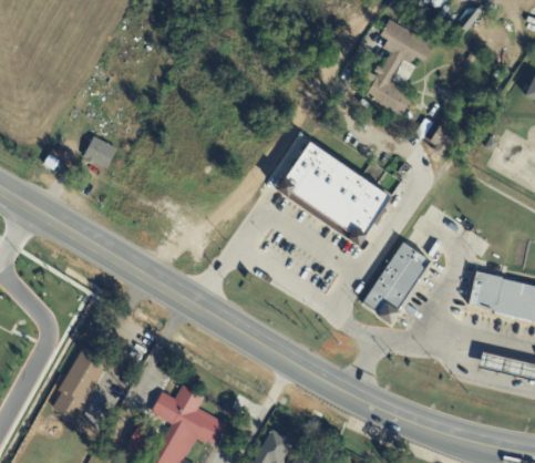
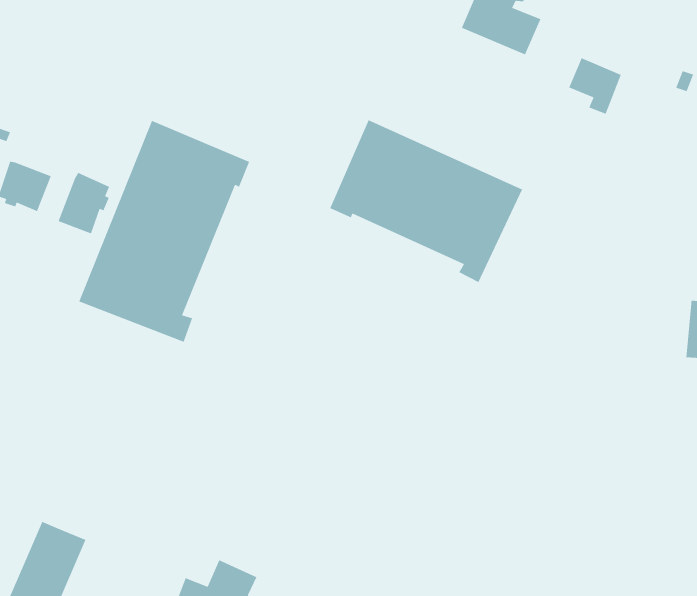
building: none -> [78,120,250,343]
building: none -> [57,172,110,235]
building: [360,243,429,326] -> none

